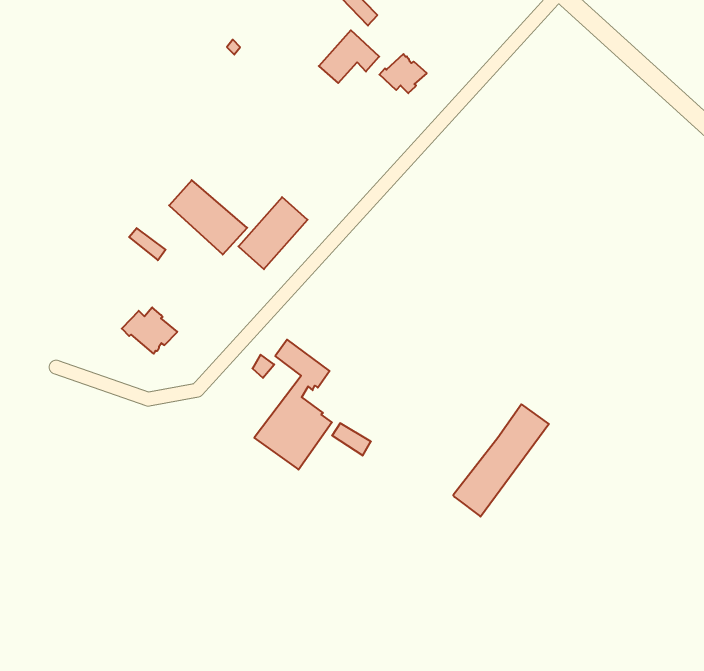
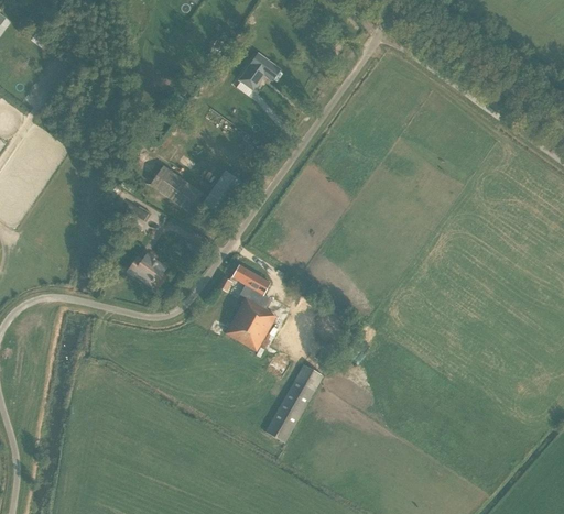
building: [379,54,427,93] -> none
building: [453,404,549,517] -> [264,363,323,441]

